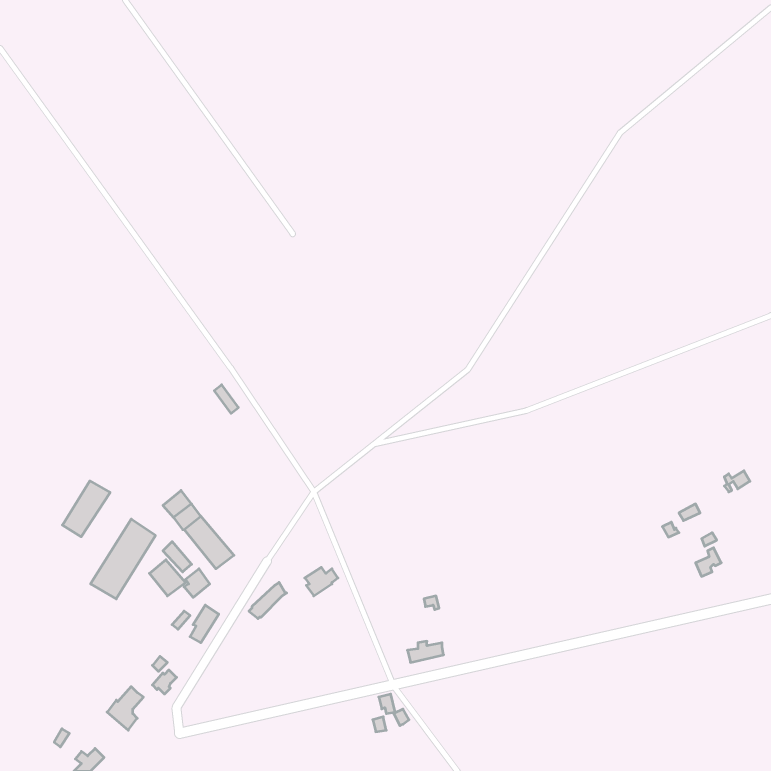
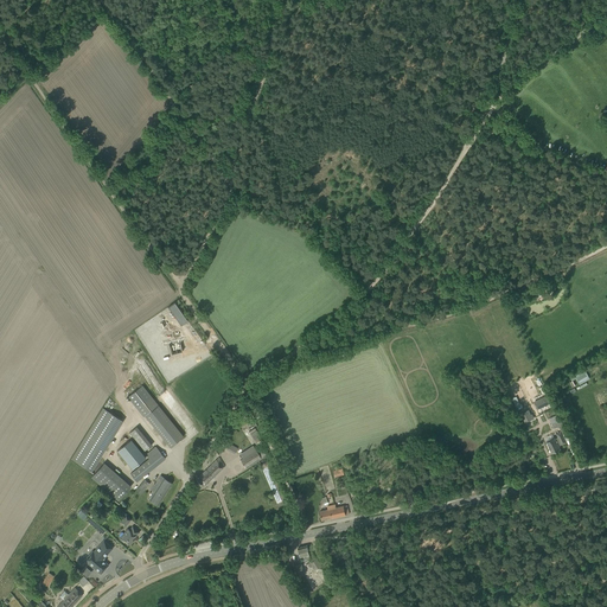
building: [62,481,110,537] -> none
building: none -> [91,462,130,500]

